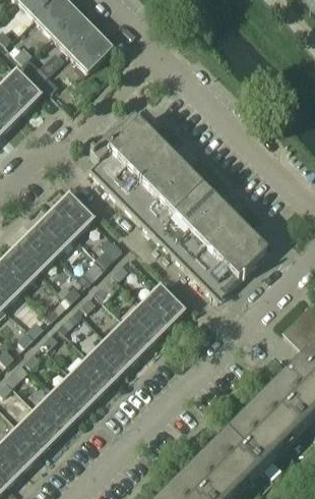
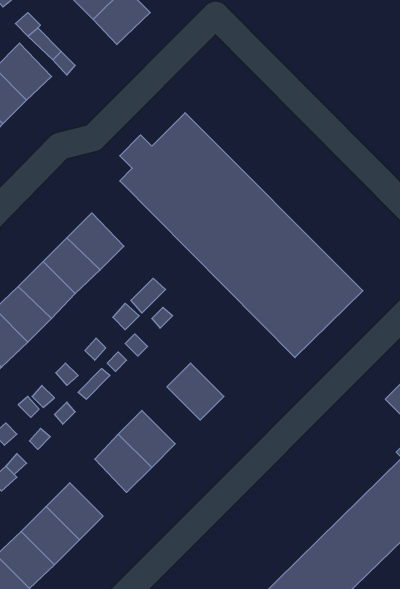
building: [141,284,184,327] -> none
building: [106,320,148,362] -> none
building: [53,373,94,414] -> none

